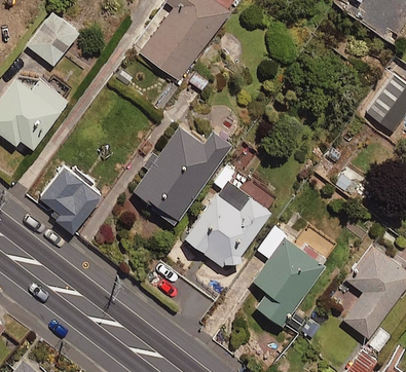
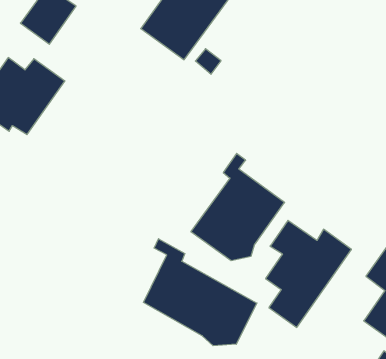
building: [132,126,231,224] -> none
building: [38,164,102,232] -> none
building: none -> [144,239,257,346]

